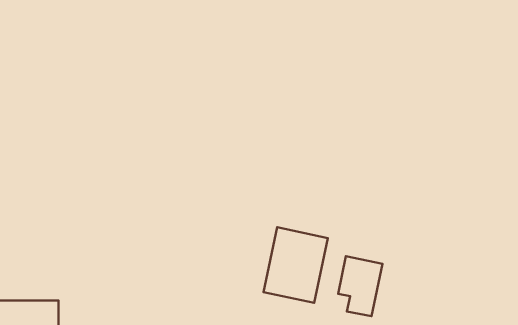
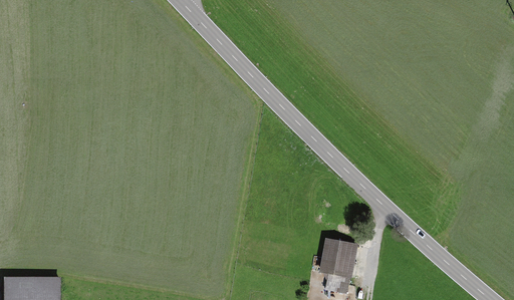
building: [263,227,328,303] -> none

